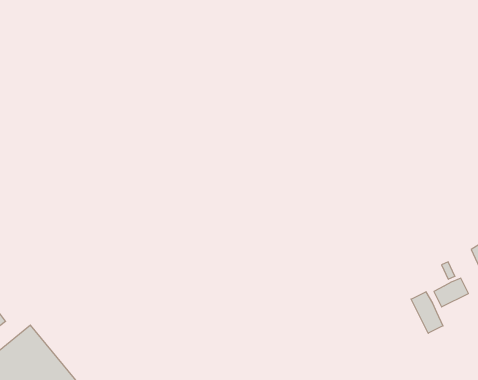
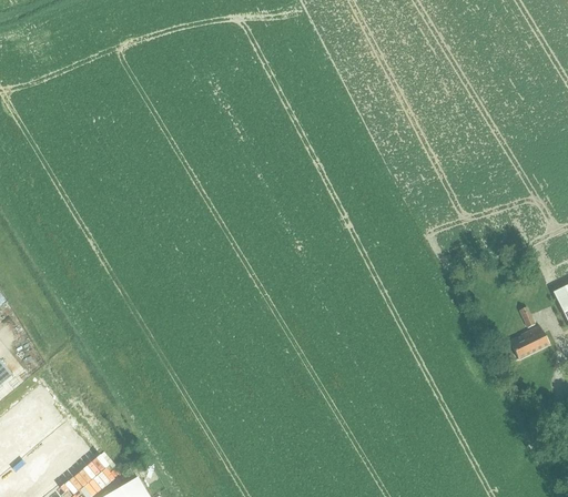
building: [411,292,443,333] -> none

